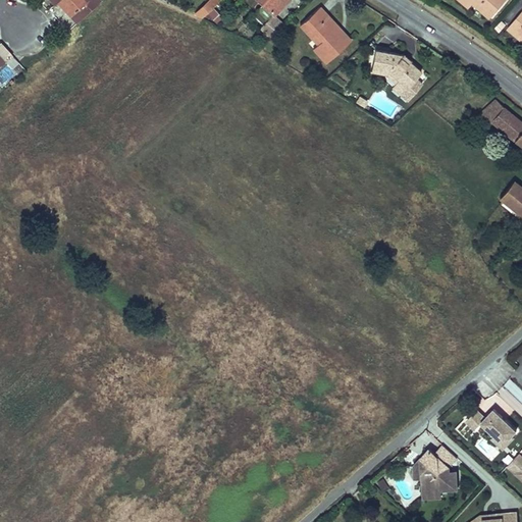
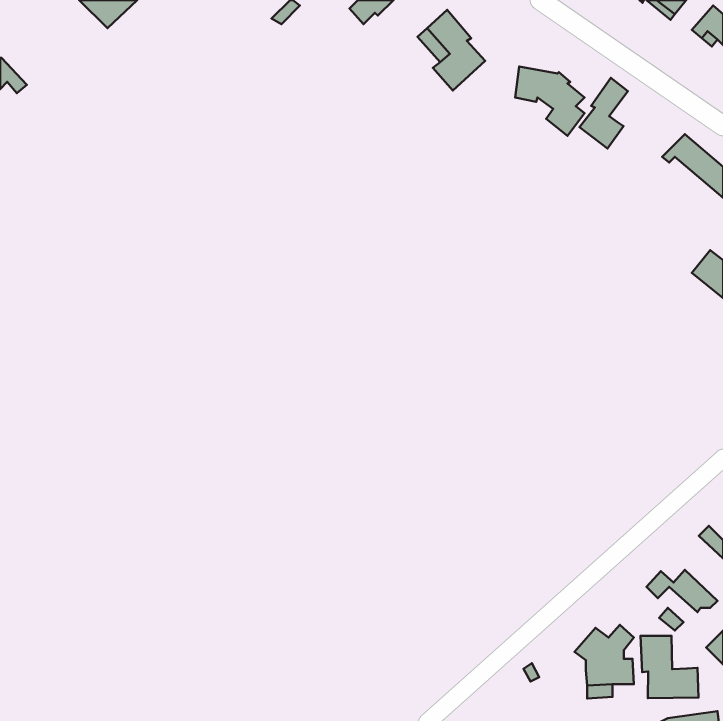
building: none -> [580,78,628,148]
building: none -> [641,636,698,698]

